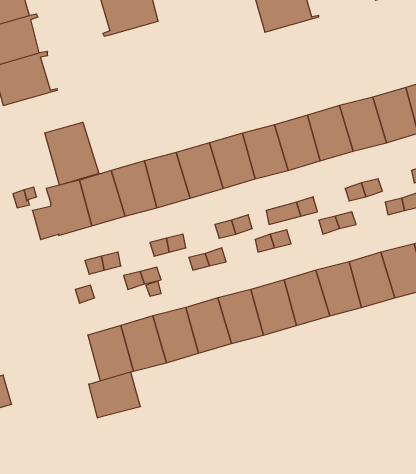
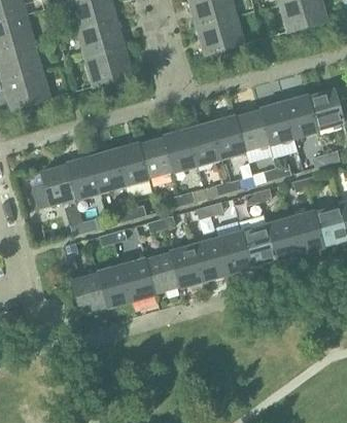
building: none -> [89,46,133,85]
building: [45,122,99,185] -> none
building: [89,372,140,418] -> none

